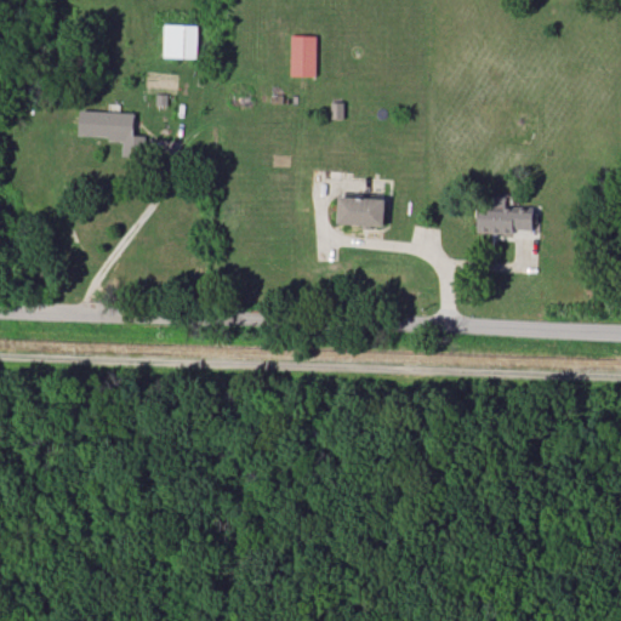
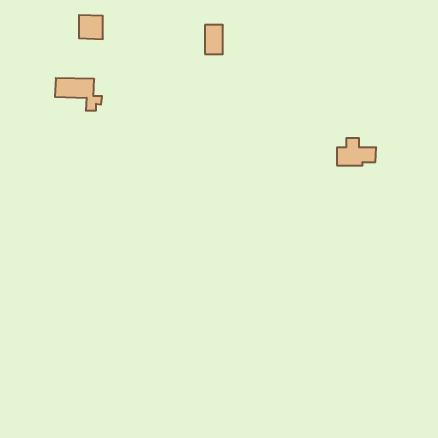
building: [163,24,196,58] -> [79,15,103,39]
building: [336,196,384,226] -> none

